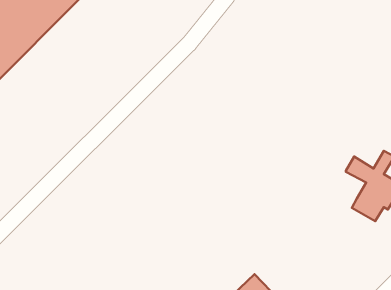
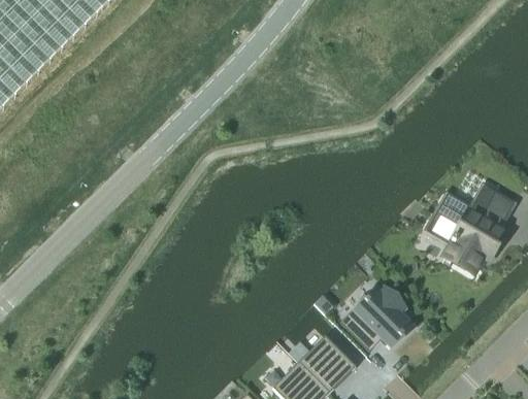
building: none -> [339,287,411,351]

